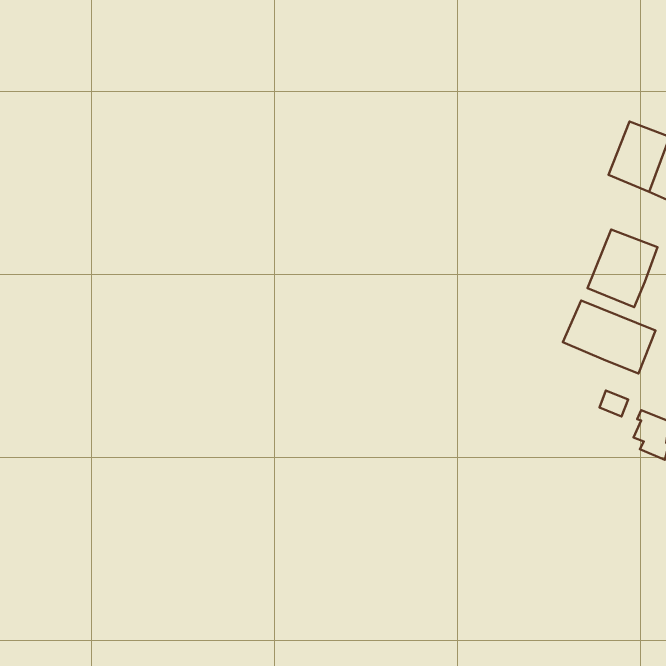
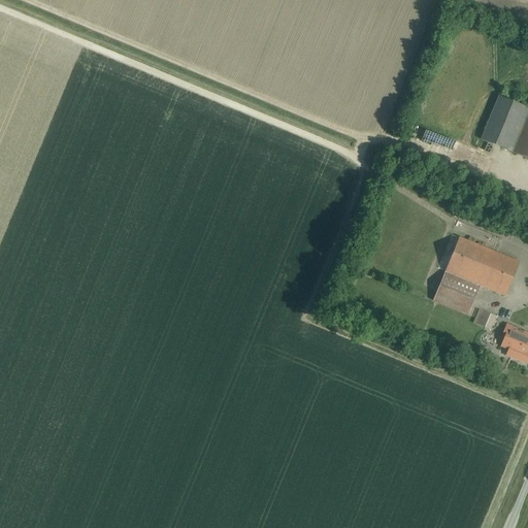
building: [588,230,658,307] -> none
building: none -> [434,270,480,315]

